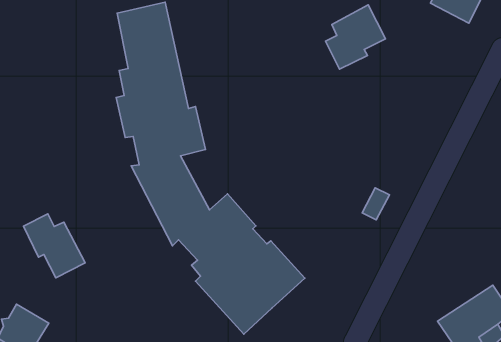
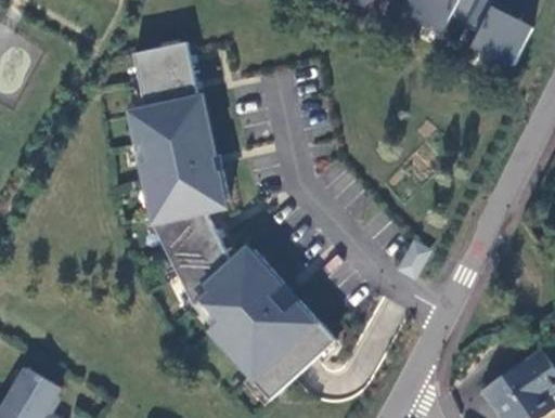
building: [325,5,385,69] -> none
building: [23,214,85,278] -> none

